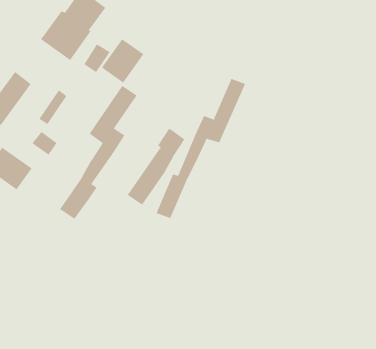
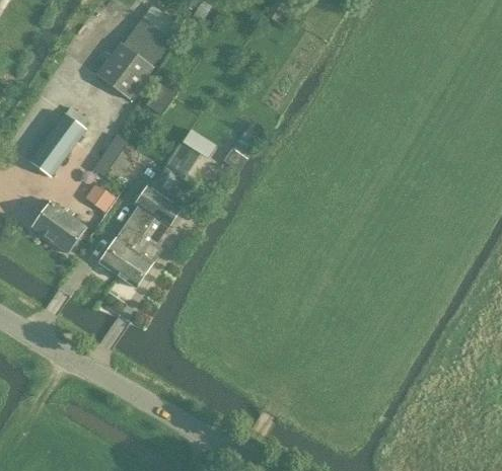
building: [101,38,144,83] -> none
building: [156,78,246,219] -> none
building: [127,128,185,205] -> [98,184,166,274]

